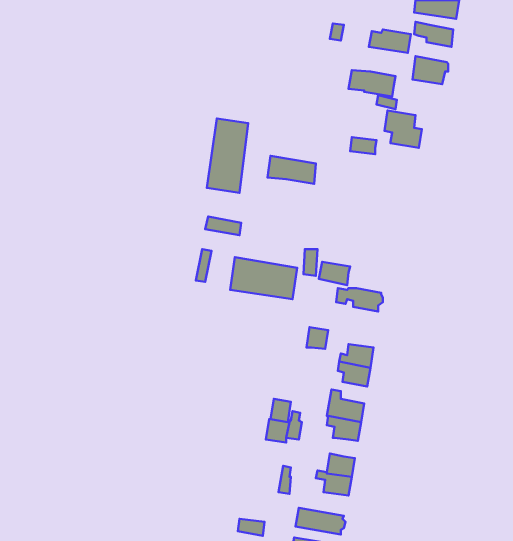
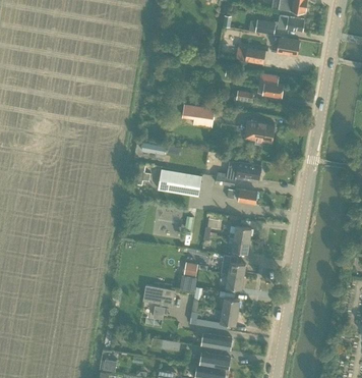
building: [207,119,248,193] -> none
building: none -> [243,119,276,144]
building: none -> [231,161,262,179]
building: none -> [142,284,175,306]

